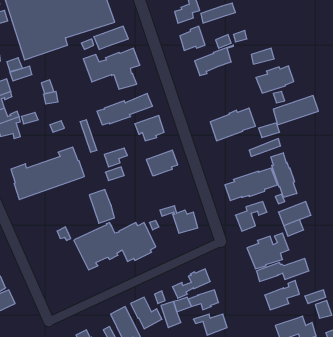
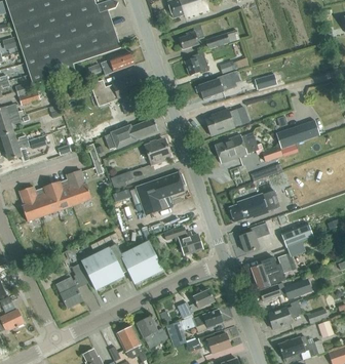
building: [256,66,294,93] -> [205,109,242,135]
building: [271,153,297,198] -> none
building: [89,190,114,223] -> [137,183,161,215]
building: none -> [55,264,89,308]

